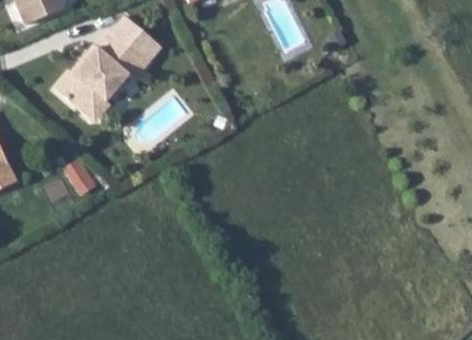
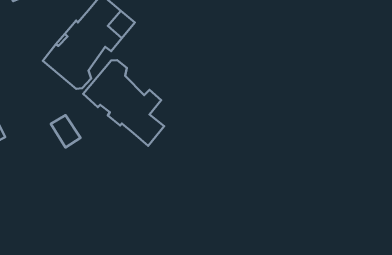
building: none -> [83,60,164,146]

